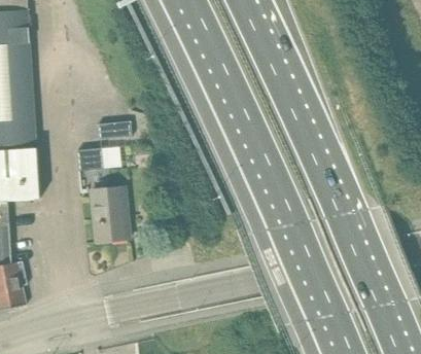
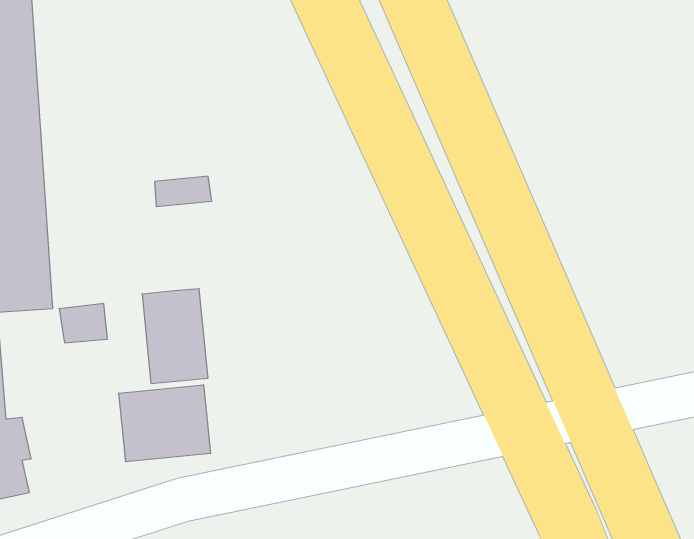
building: [76,148,104,171] -> [59,303,107,343]
building: none -> [119,385,211,462]

